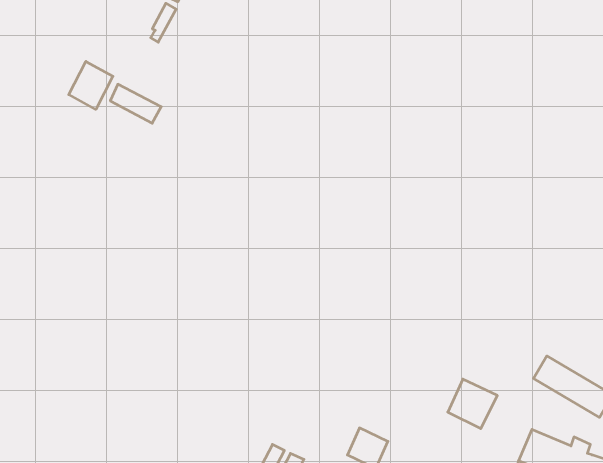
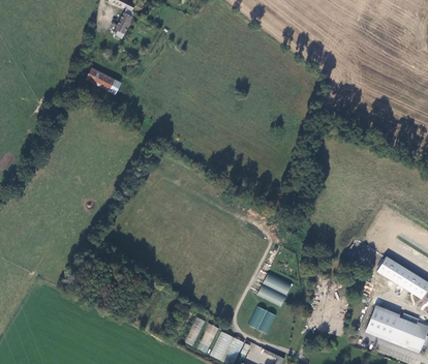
building: [69,61,113,109] -> none
building: [448,379,497,429] -> [257,272,292,306]

